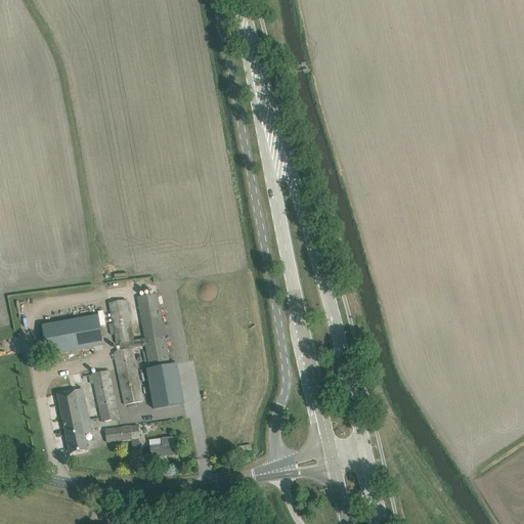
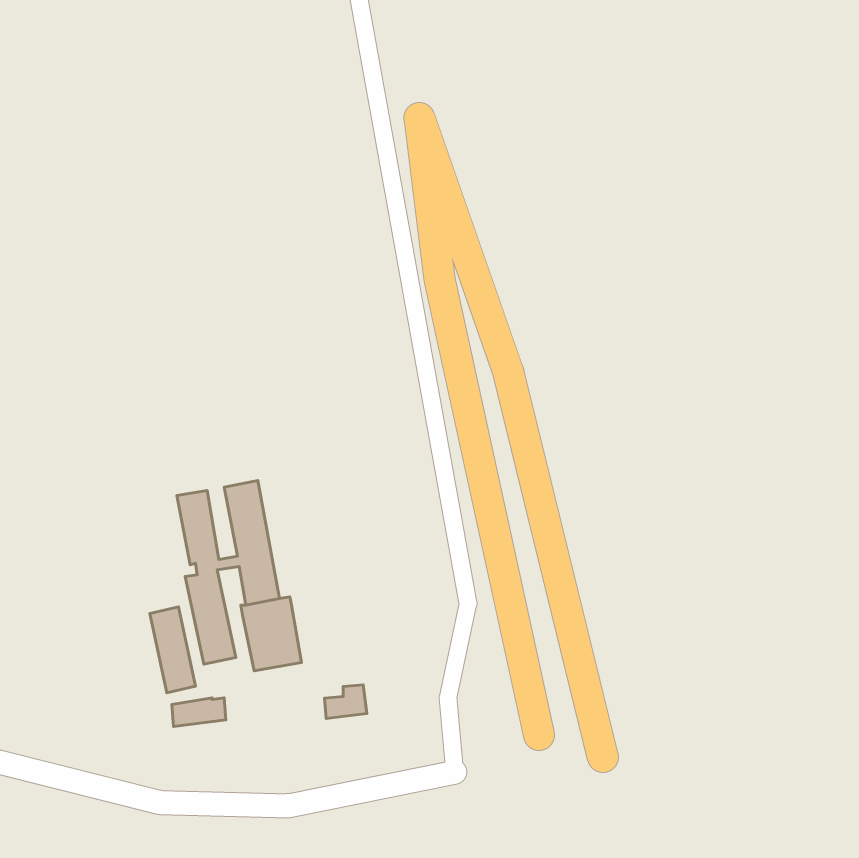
building: [43,313,105,353] -> none
building: [56,386,91,452] -> none
building: [149,436,175,456] -> [325,685,367,718]

